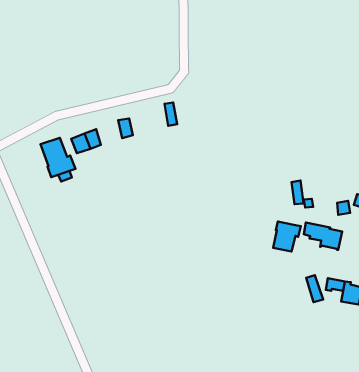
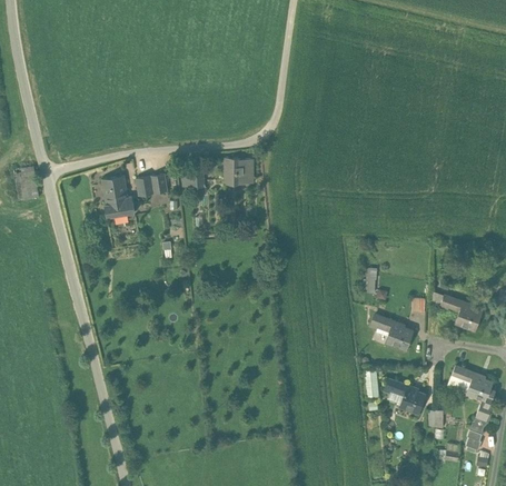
building: none -> [224,157,244,184]
building: [273,222,301,251] -> none

